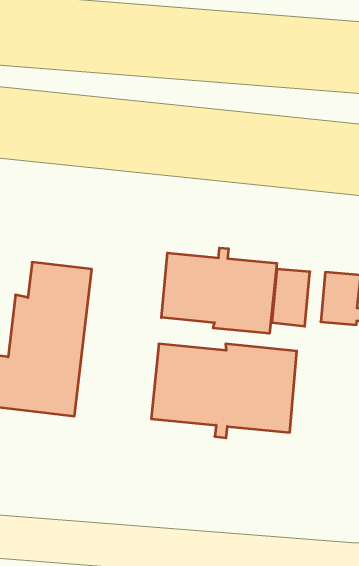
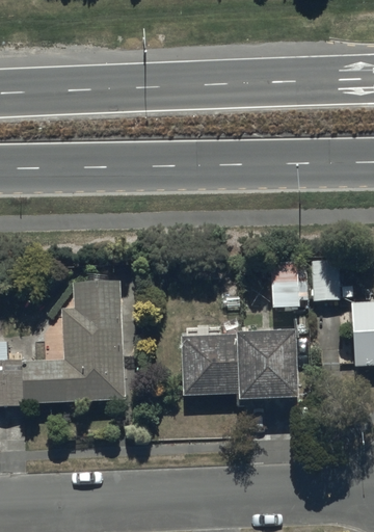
building: [161,248,277,333] -> none

